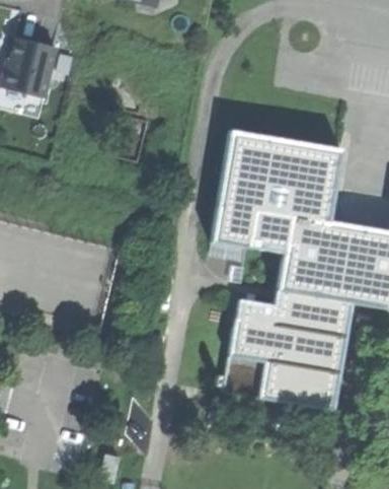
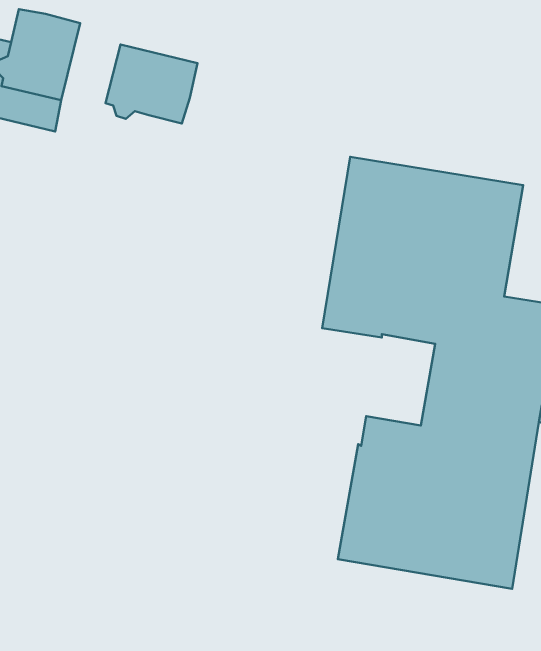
building: none -> [106,44,197,123]

